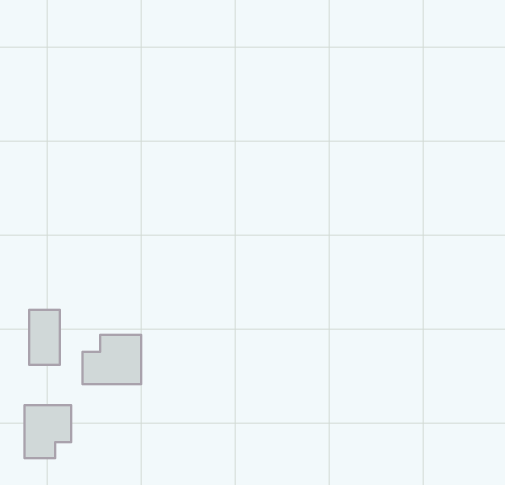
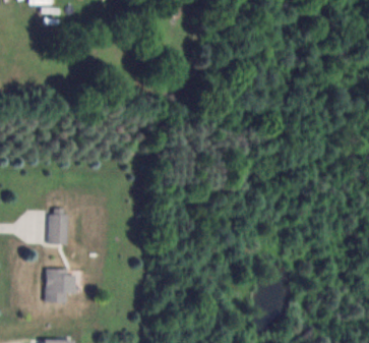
building: [82,335,141,384] -> none

